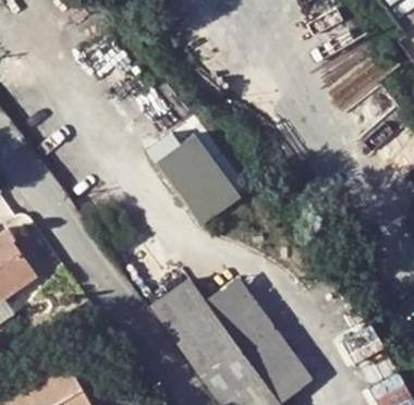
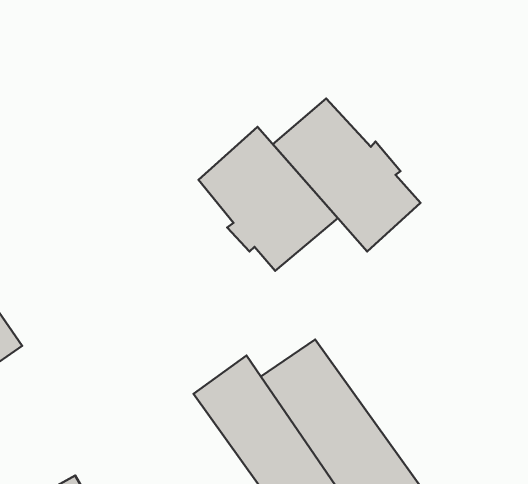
building: none -> [273,99,420,252]

